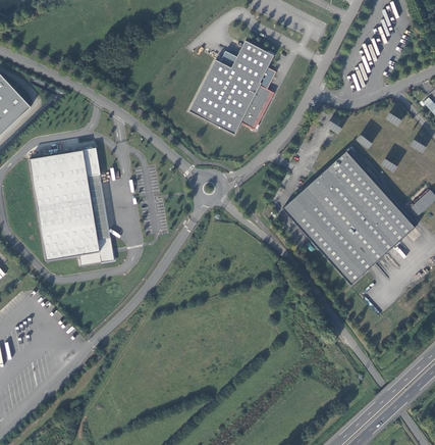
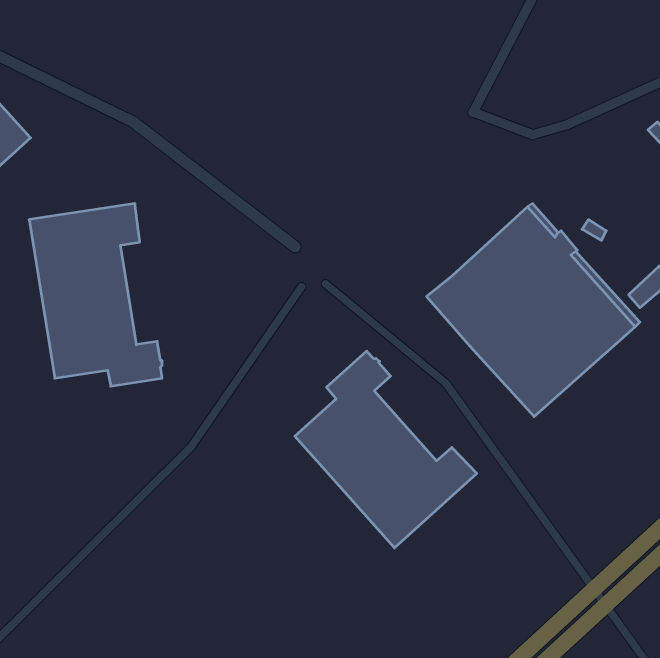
building: [188,40,274,134] -> none
building: none -> [295,351,477,548]

